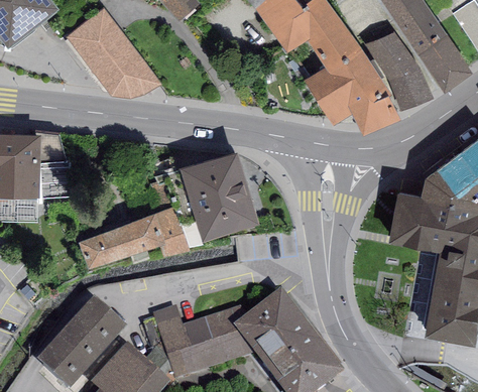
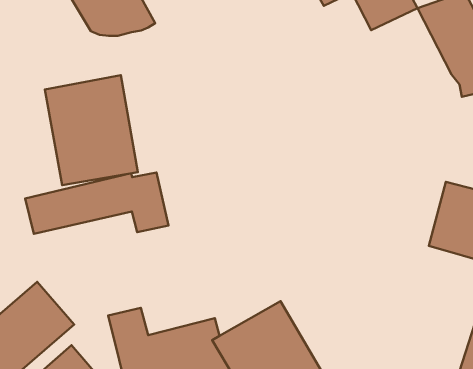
building: [305,49,401,140] -> none
building: [181,137,259,227] -> [45,75,138,185]

